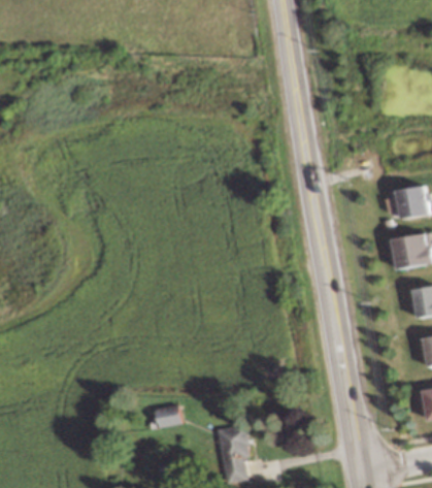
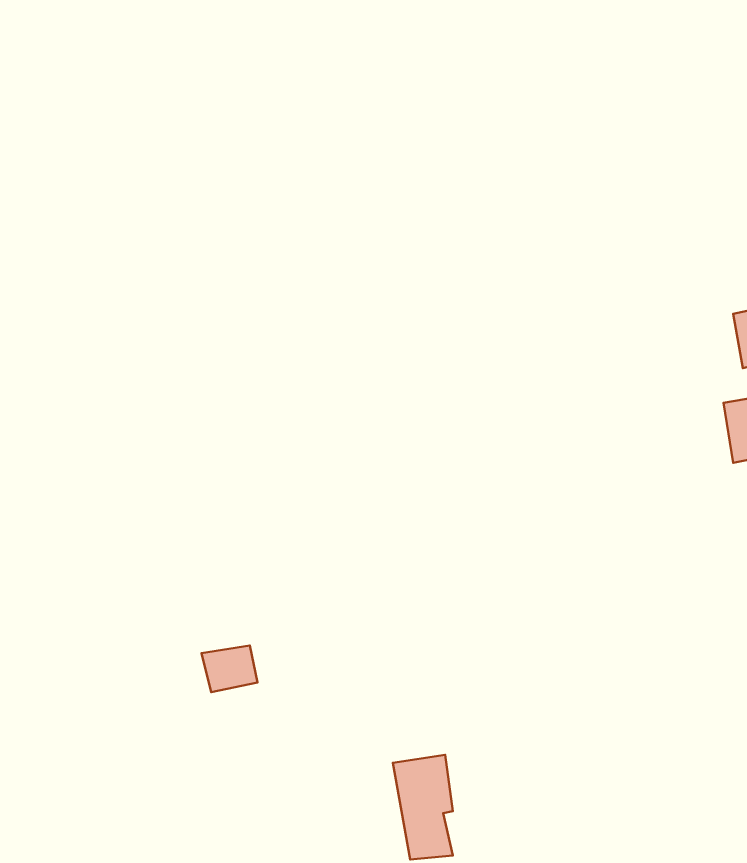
building: [152,404,181,429] -> [201,646,257,692]

